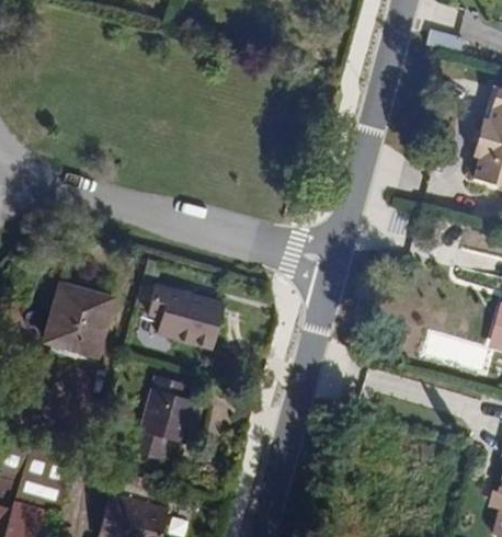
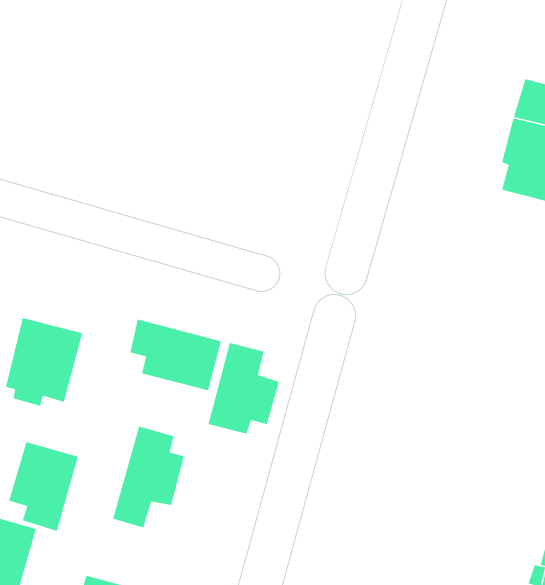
building: none -> [208,342,280,434]
building: none -> [8,441,79,532]

